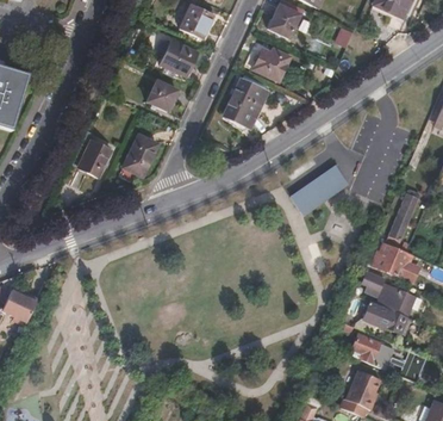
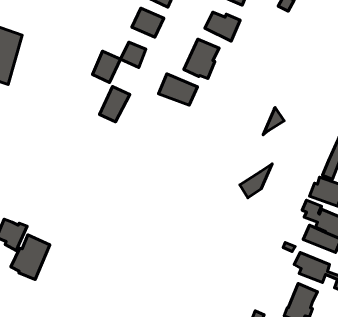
building: none -> [159,74,197,105]
building: [76,142,110,179] -> [93,51,121,82]
building: [291,163,329,204] -> [240,164,272,198]
building: none -> [11,235,50,280]

